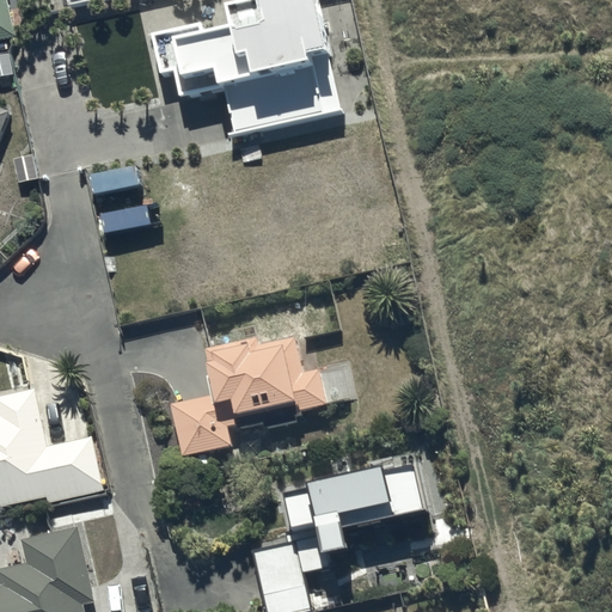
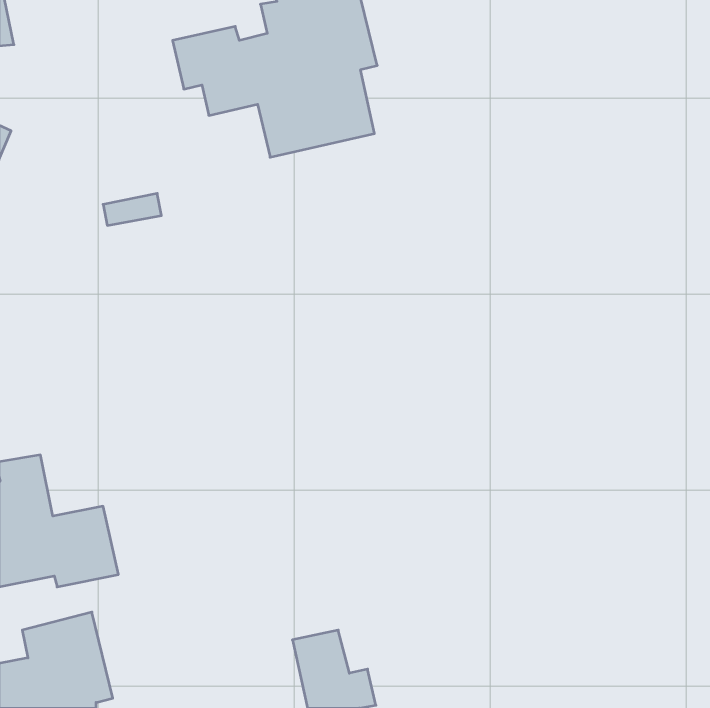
building: [171,339,355,457] -> none
building: [280,465,422,555] -> none

